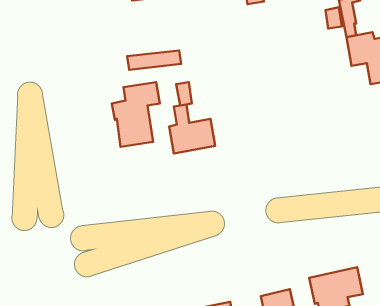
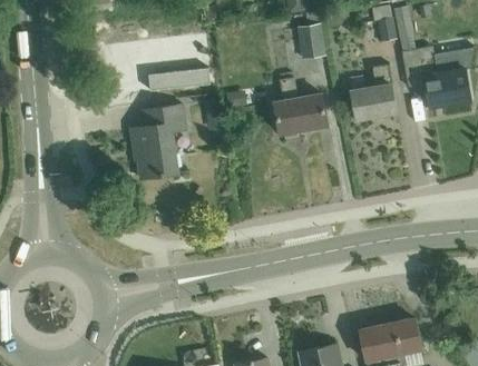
building: none -> [297,23,325,60]
building: none -> [351,65,397,120]
building: [169,104,215,154] -> [274,77,328,133]

